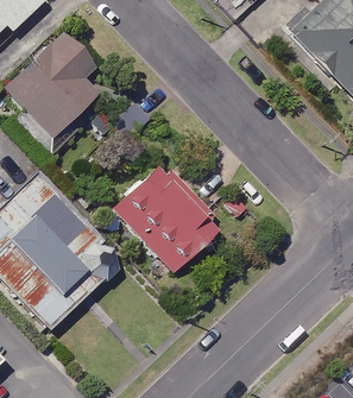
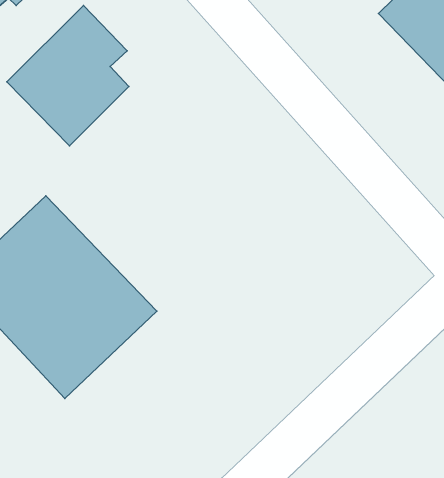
building: [115,160,223,270] -> none

